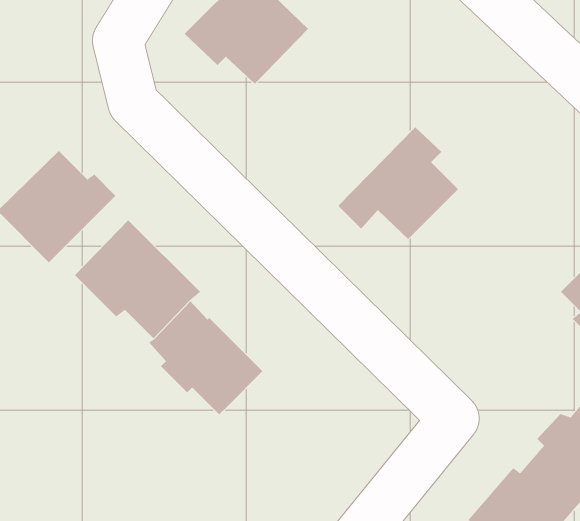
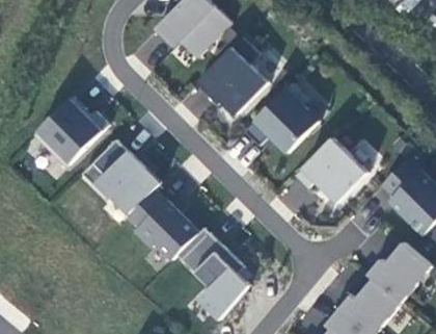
building: none -> [195,36,268,114]
building: none -> [295,136,366,202]
building: none -> [176,227,249,319]

